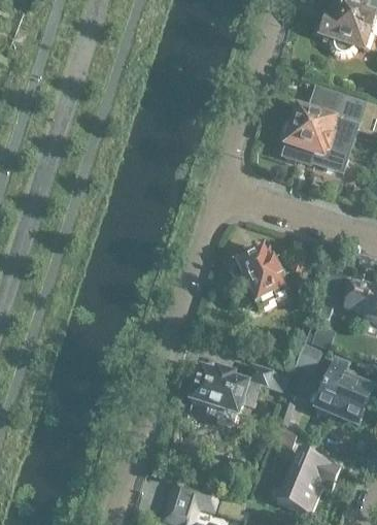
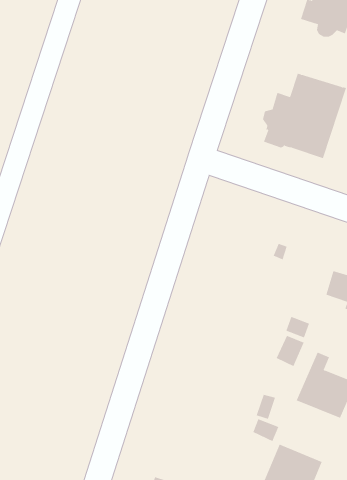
building: [230,241,285,305] -> none
building: [191,363,288,421] -> none

